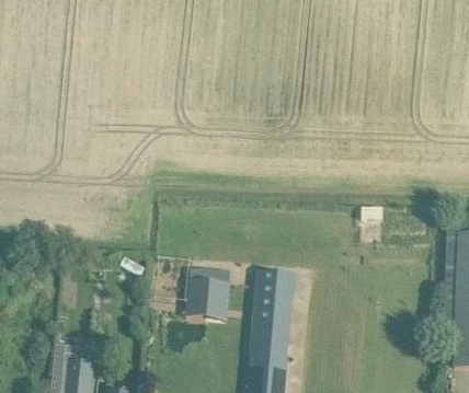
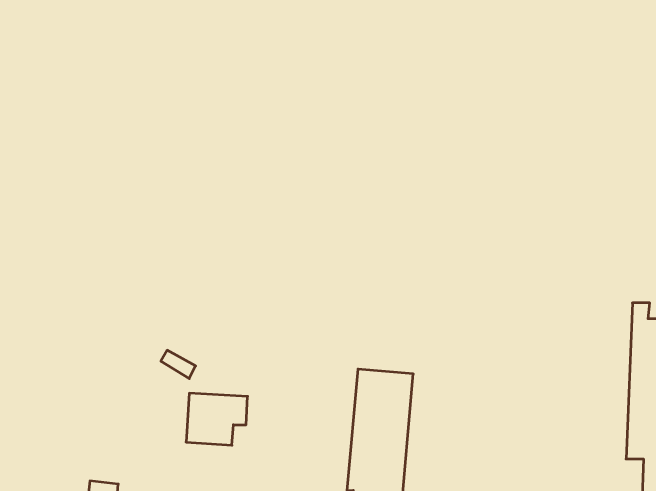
building: [185,278,228,314] -> [186,393,248,445]

